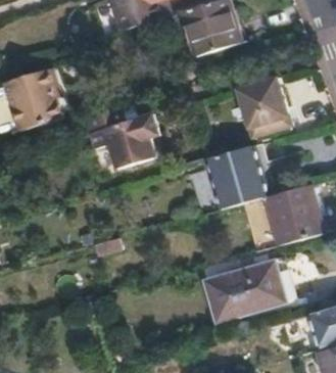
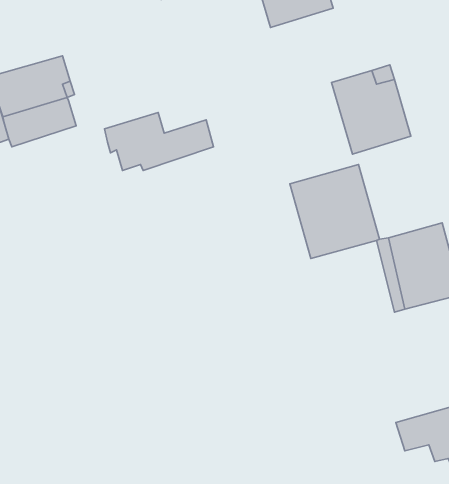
building: [108,131,158,168] -> none
building: [205,263,284,321] -> none

